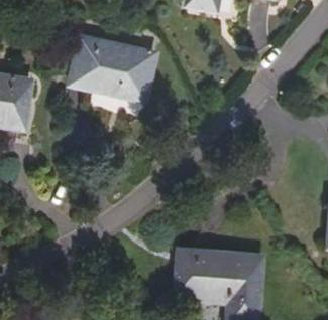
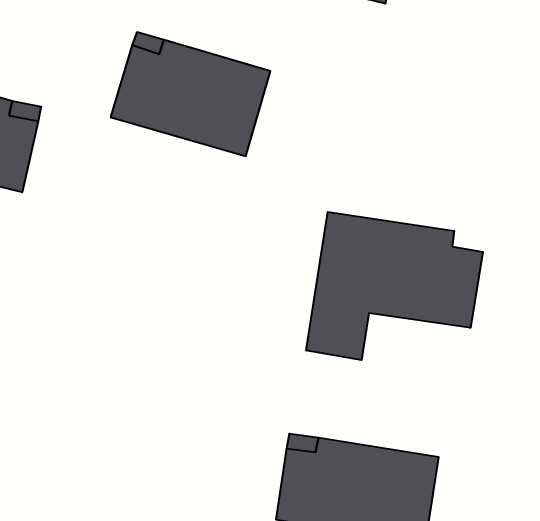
building: none -> [306,212,483,360]

